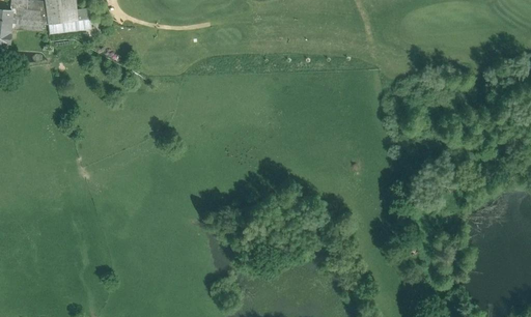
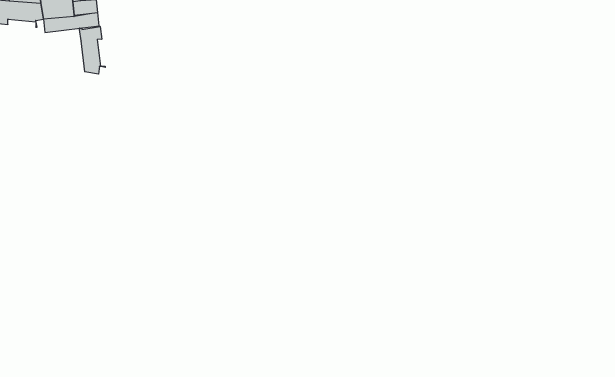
building: none -> [80,26,105,74]

